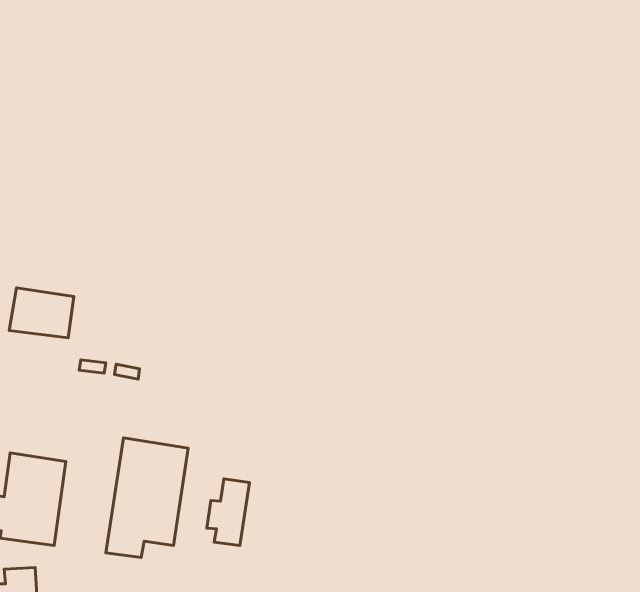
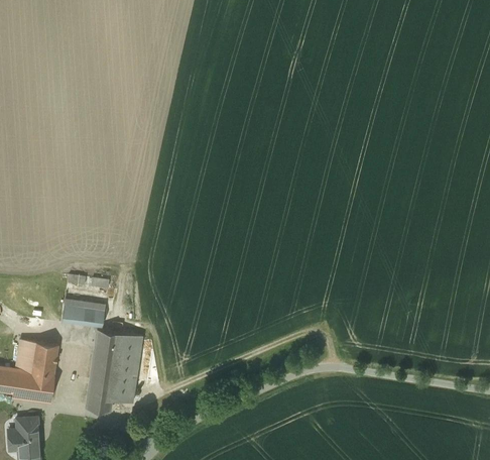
building: [9,288,74,338] -> [62,293,106,327]
building: [207,479,250,546] -> none

